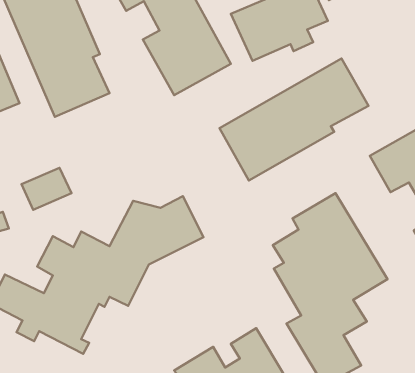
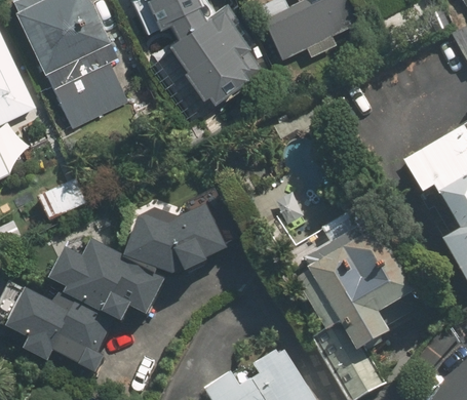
building: [219,59,368,181] -> none

